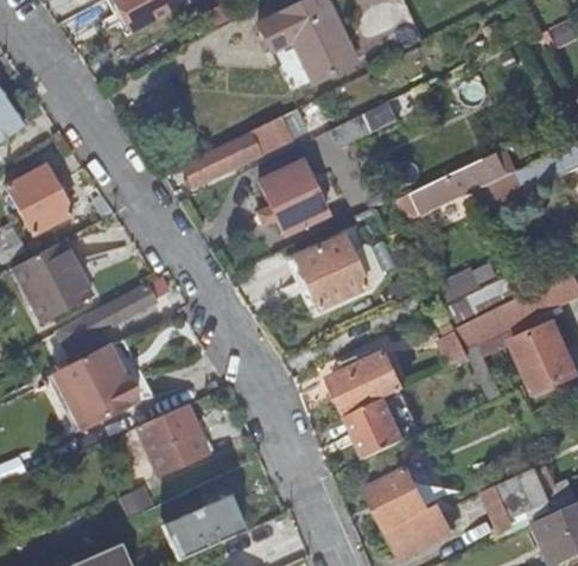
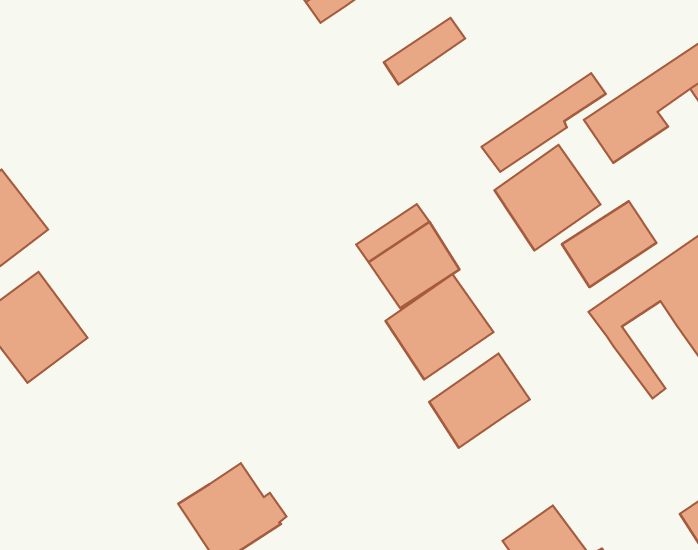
building: [182,115,291,185] -> none
building: [262,160,326,234] -> none
building: none -> [495,145,601,250]
building: [50,284,154,428] -> none
building: none -> [386,274,494,379]
building: [347,398,402,457] -> none

